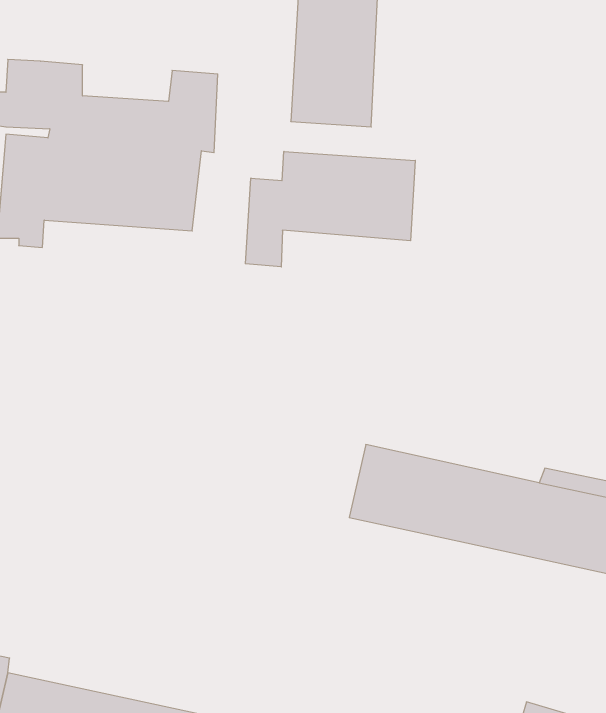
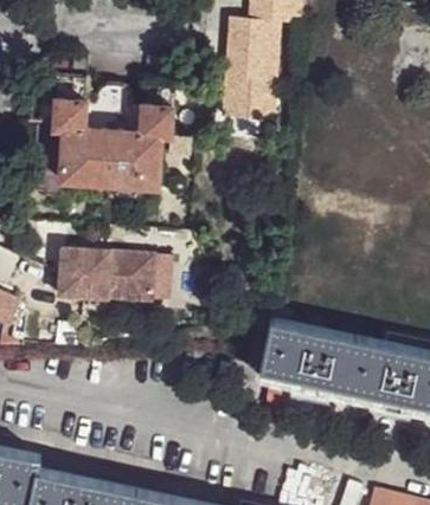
building: [245,151,415,267] -> none
building: none -> [58,247,155,304]

